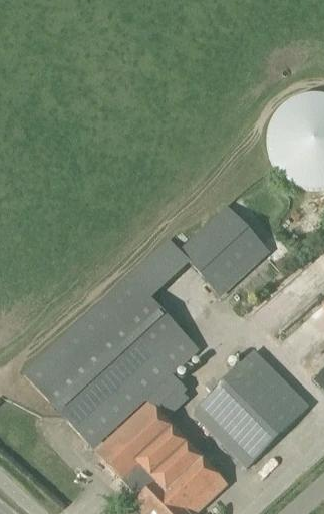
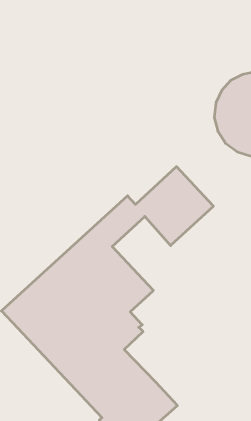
building: [193,347,308,466] -> none

